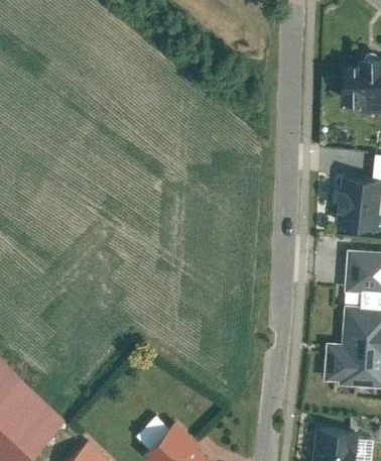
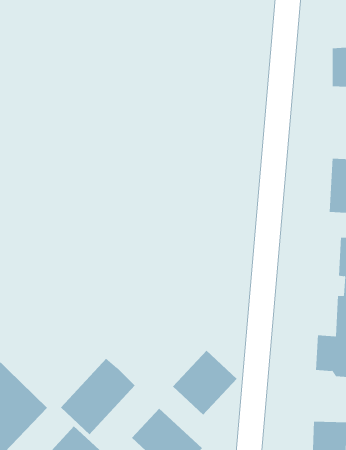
building: none -> [172,350,237,416]
building: none -> [60,358,136,435]

